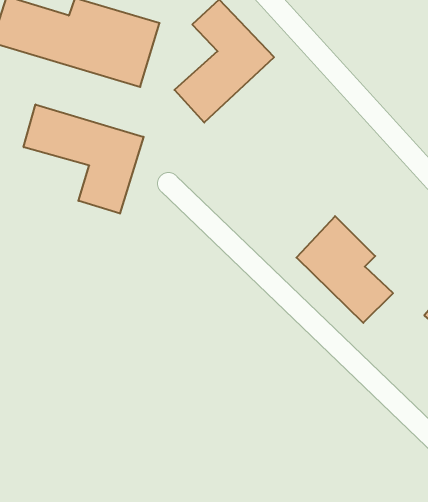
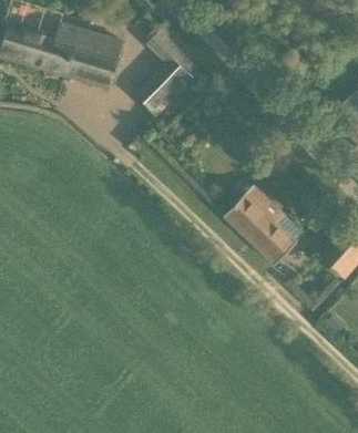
building: [24,104,144,214] -> none

